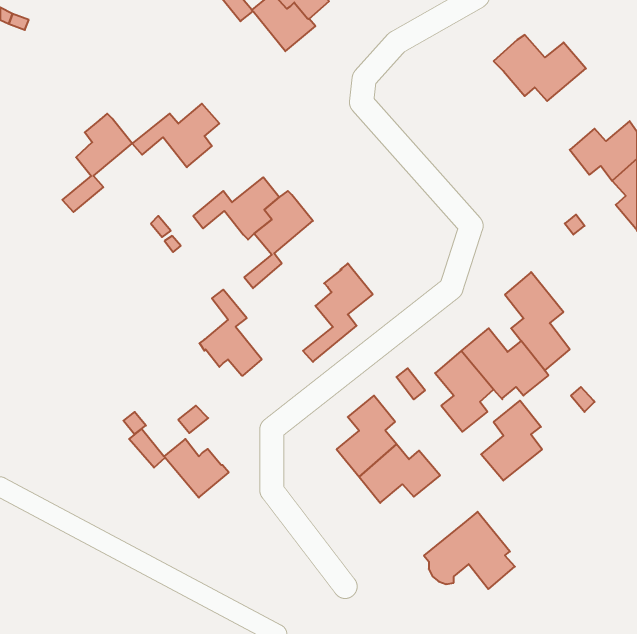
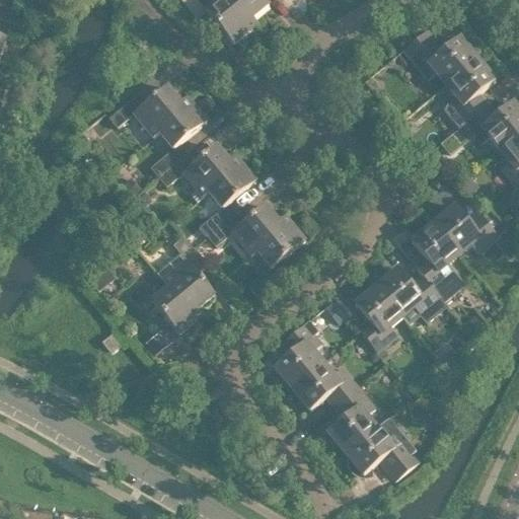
building: none -> [441,56,495,127]
building: [62,114,132,212] -> [148,95,205,175]
building: none -> [206,203,278,253]
building: none -> [432,203,498,253]
building: [481,401,542,481] -> [326,386,376,451]
building: [129,429,229,498] -> [122,276,203,331]

